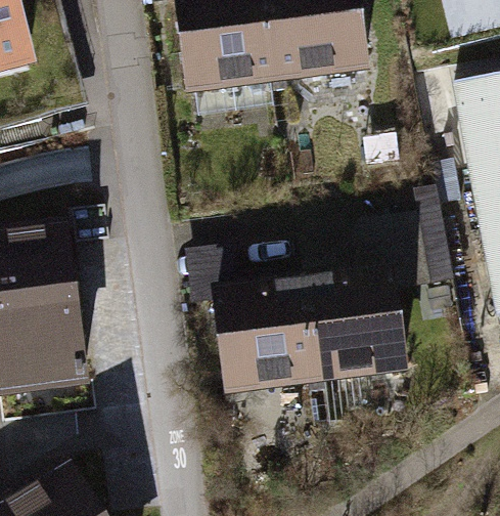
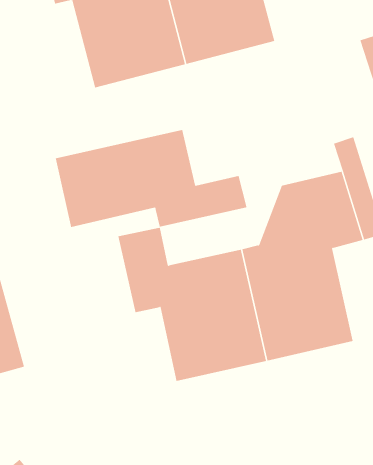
building: none -> [55,129,247,228]

